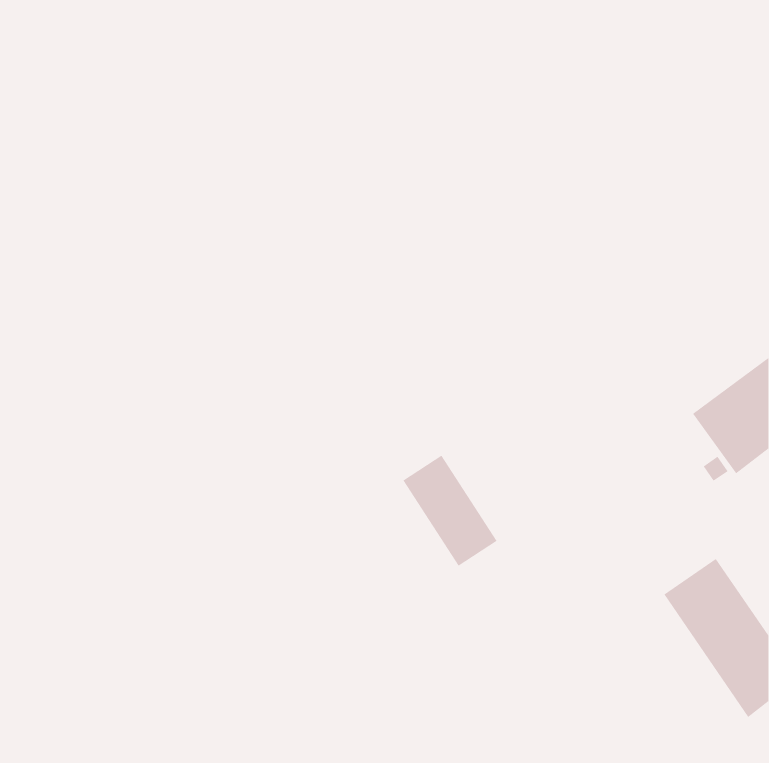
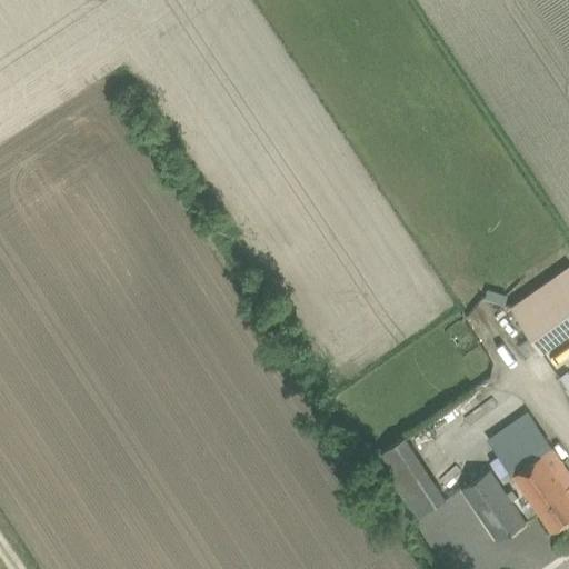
building: [403,455,497,566] -> [377,439,447,521]
building: none -> [463,472,527,545]

